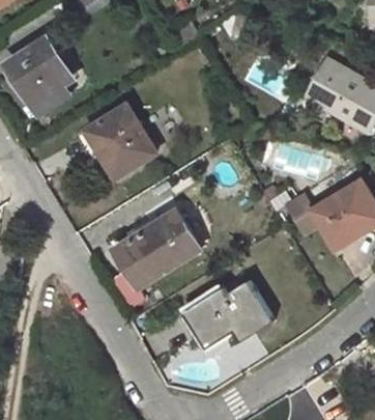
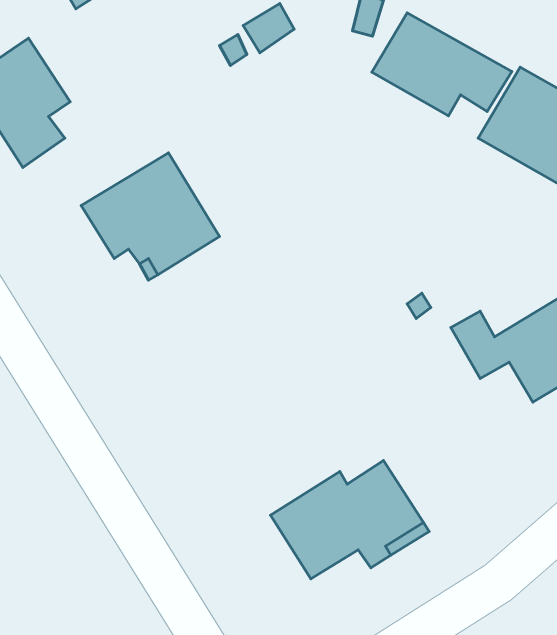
building: none -> [372,13,512,116]
building: [113,209,200,287] -> none

